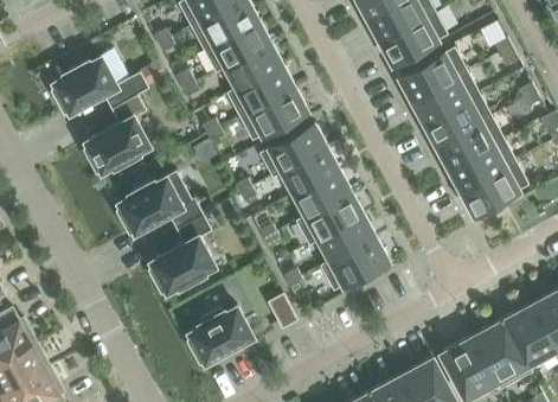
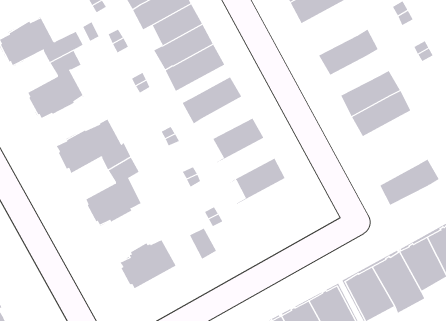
building: [399,49,467,101] -> none
building: [424,94,490,146] -> none
building: [271,147,338,194] -> none
building: [461,162,528,215] -> [379,159,440,205]
building: [295,193,363,245] -> none
building: [320,238,387,292] -> none

